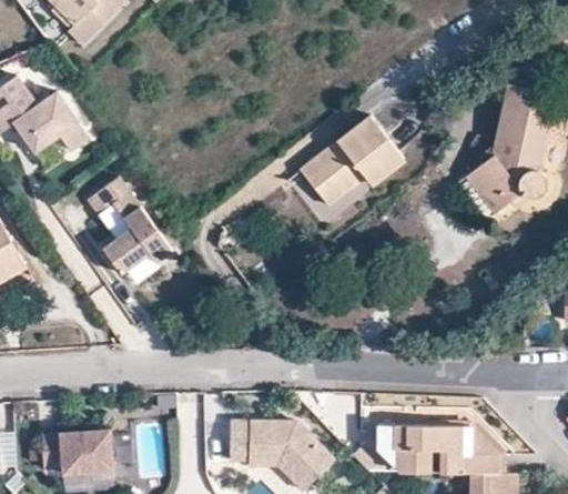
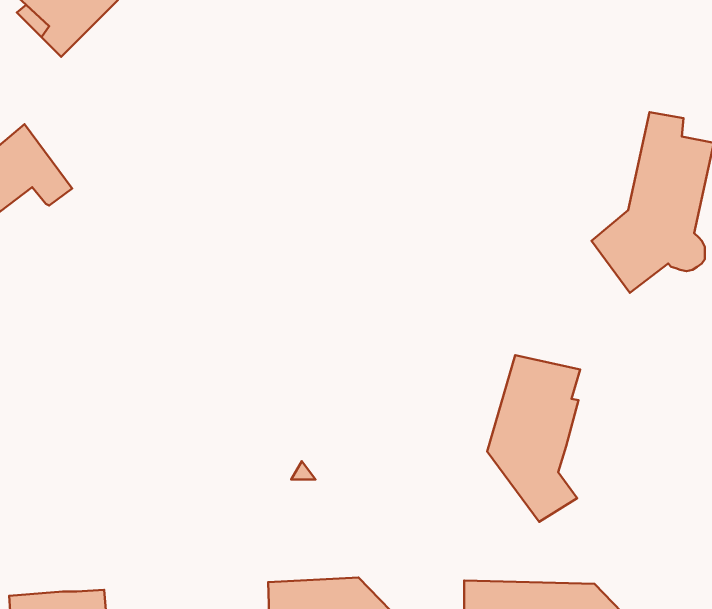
building: [304,117,408,208] -> none
building: [88,178,171,275] -> none
building: none -> [487,355,580,522]

